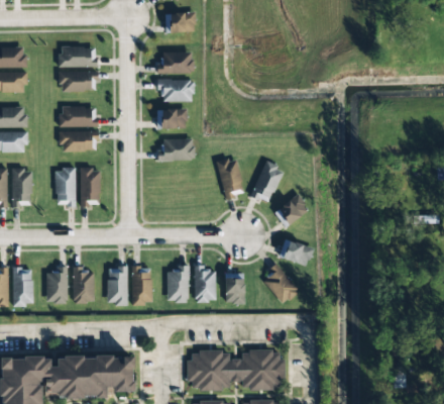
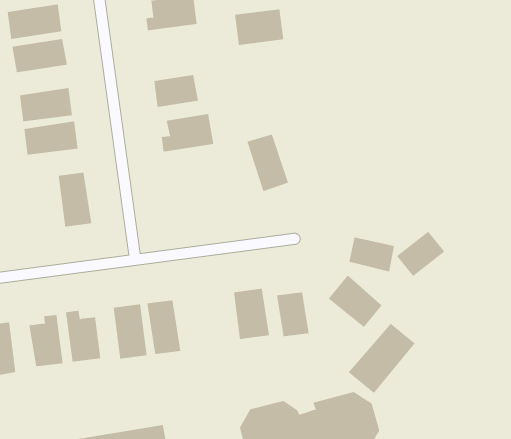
building: [159,79,193,101] -> [234,9,284,45]
building: [251,162,282,203] -> none
building: [56,168,75,205] -> none
building: [273,195,309,226] -> [396,231,445,277]
building: [166,267,189,302] -> none
building: none -> [348,323,416,394]

